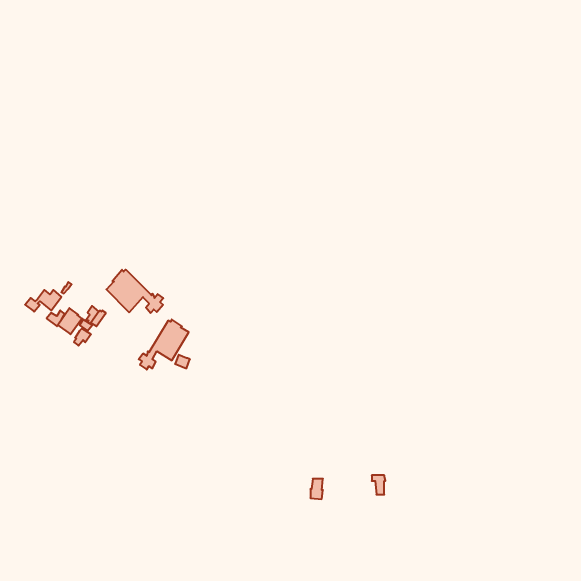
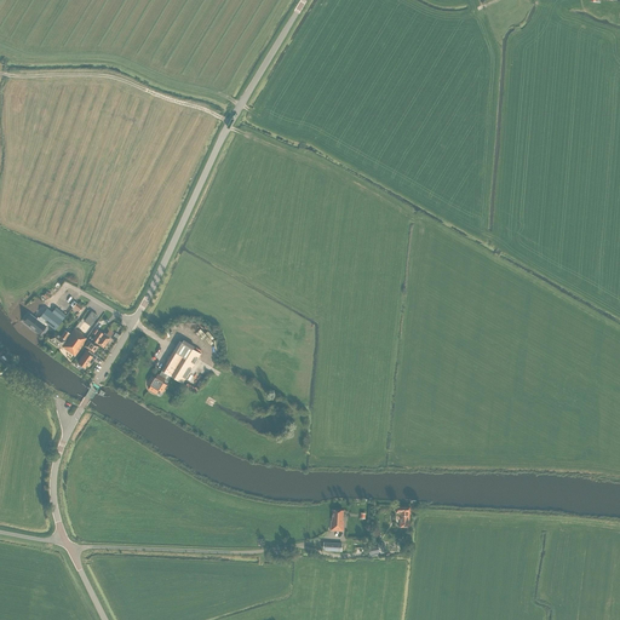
building: [106,270,163,313] -> none

